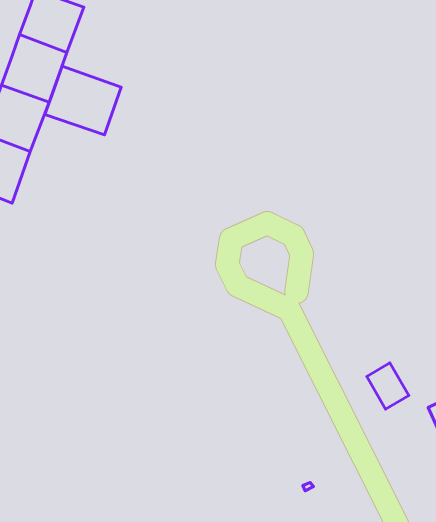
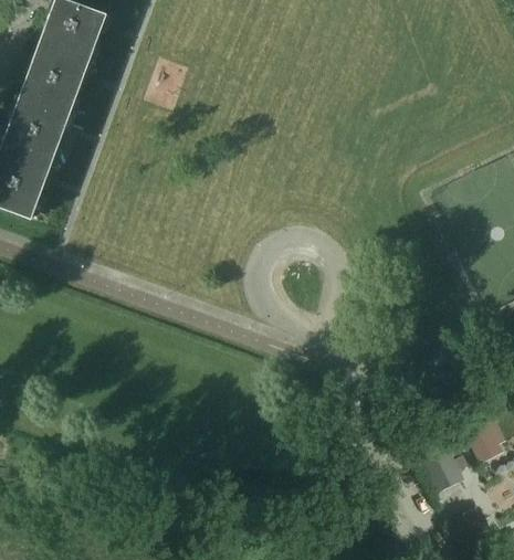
building: [45,66,121,135] -> none
building: [367,363,409,409] -> [422,443,466,492]

